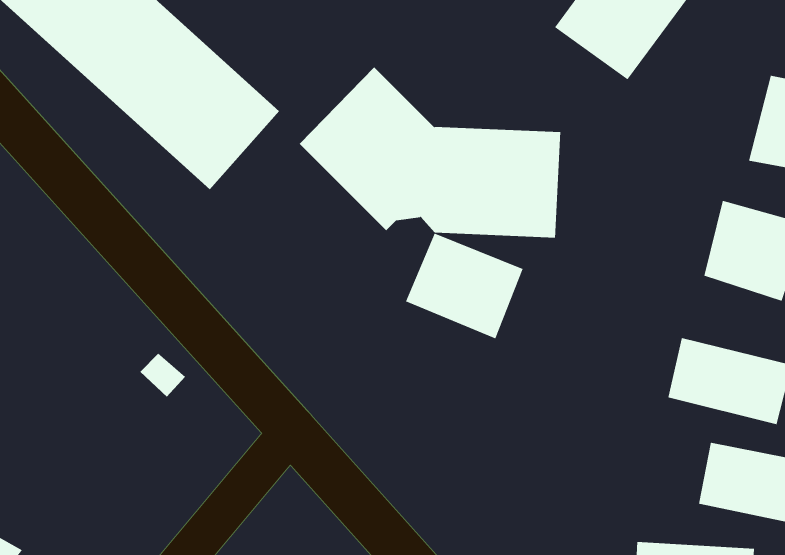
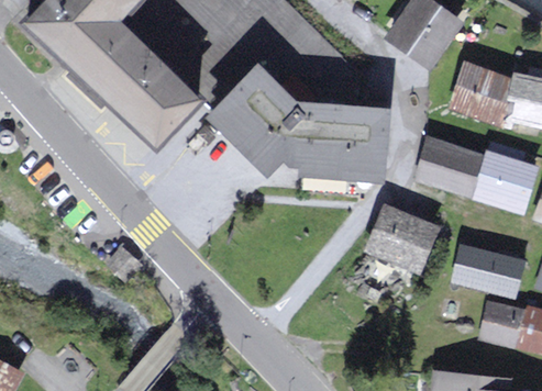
building: none -> [451,64,511,120]
building: none -> [407,132,482,201]
building: [405,233,523,339] -> [364,206,440,275]

